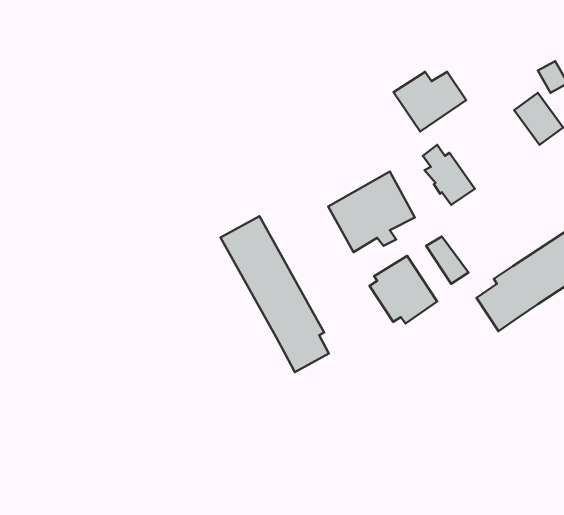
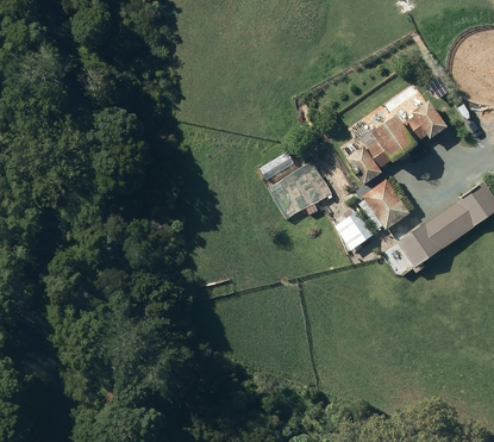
building: [394,72,466,132] -> [370,116,425,161]
building: [221,216,329,372] -> none
building: [369,256,437,324] -> [358,179,409,230]

